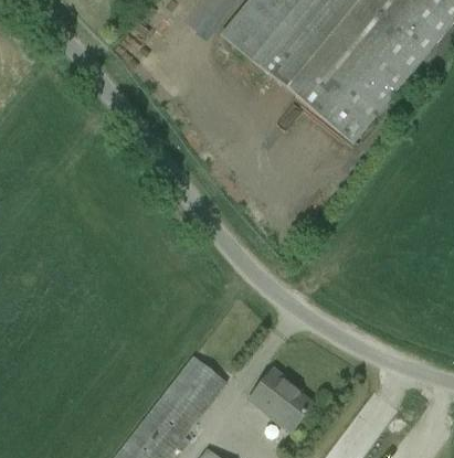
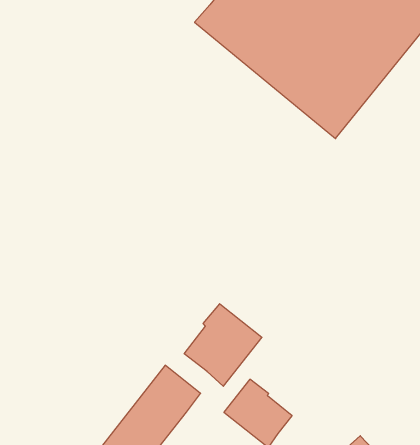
building: none -> [184,304,262,386]

